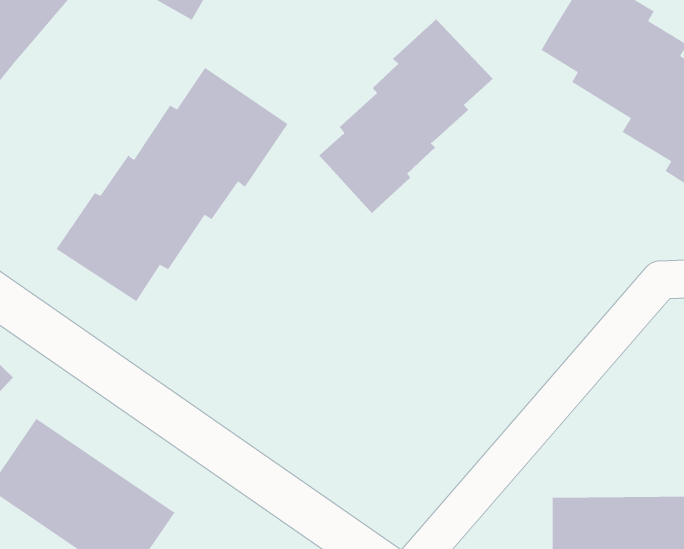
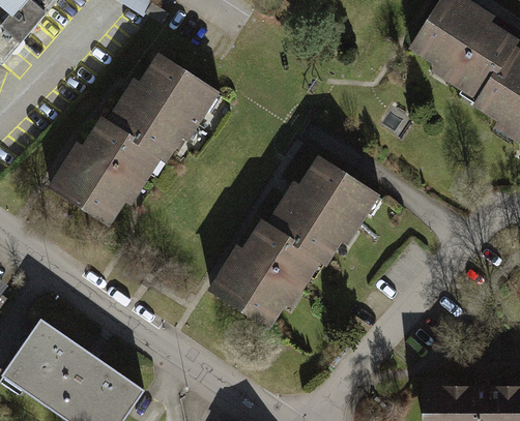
building: [318,19,494,214] -> none
building: none -> [206,152,379,327]

